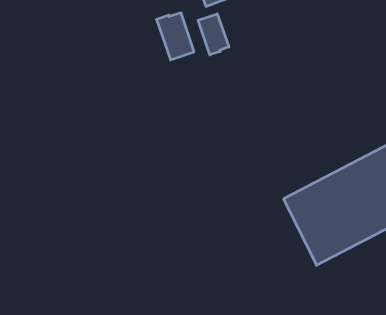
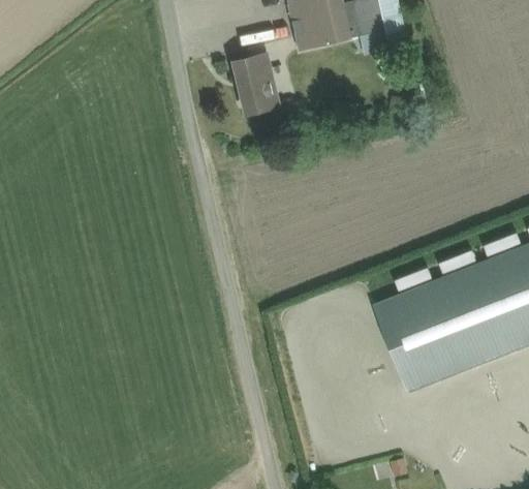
building: [198,14,229,55] -> none

